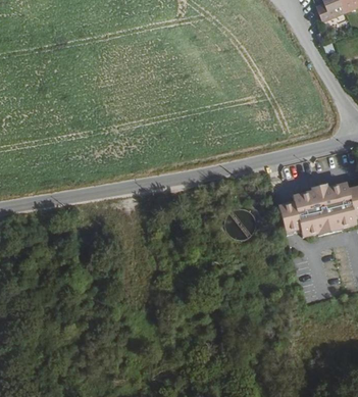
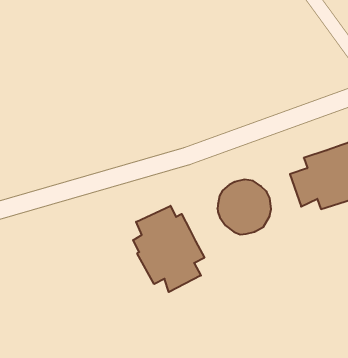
building: none -> [133,206,204,292]

